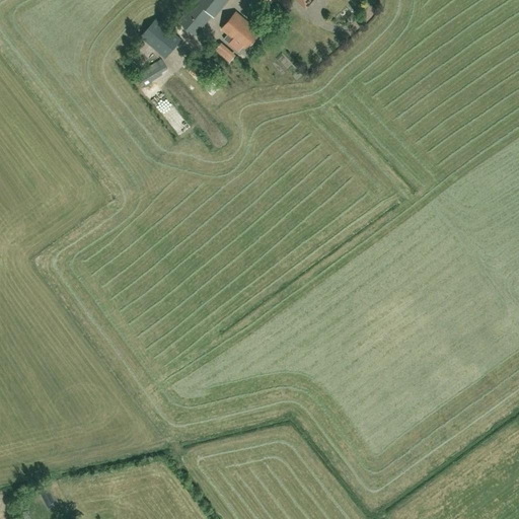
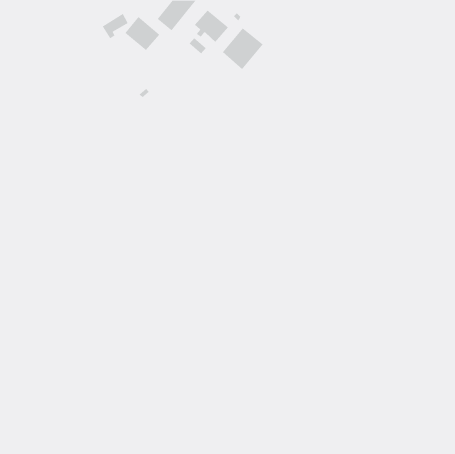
building: none -> [222,28,264,70]
building: [137,58,167,87] -> [102,13,128,39]

